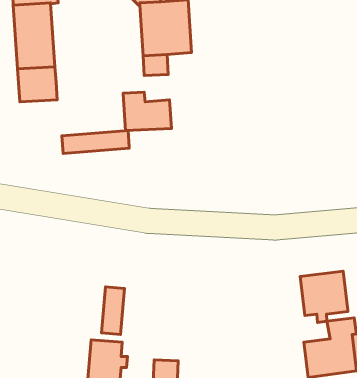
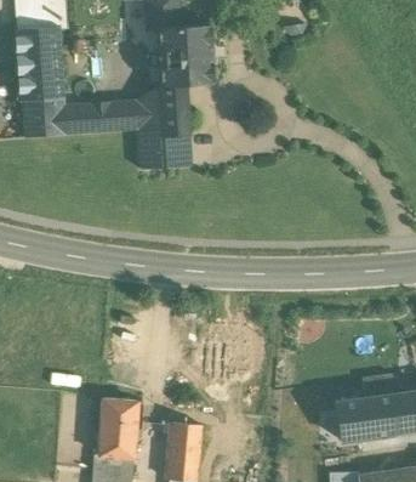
building: none -> [161,107,189,137]
building: [62,130,129,154] -> [64,109,138,135]
building: [300,271,348,323] -> none
building: [102,287,124,335] -> none

